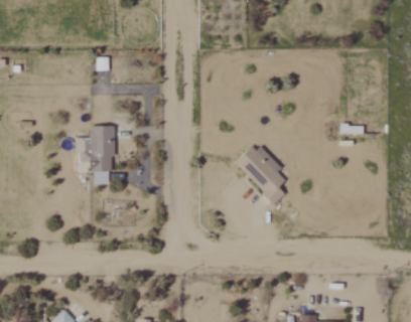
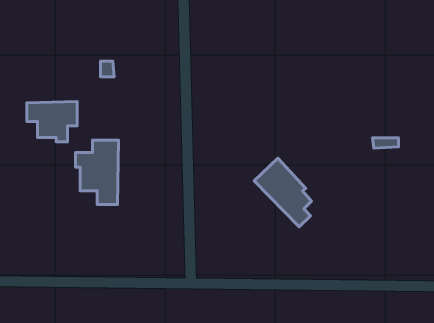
building: none -> [27,102,77,142]

